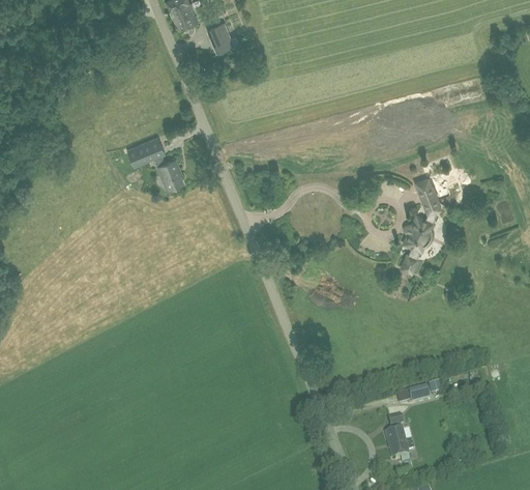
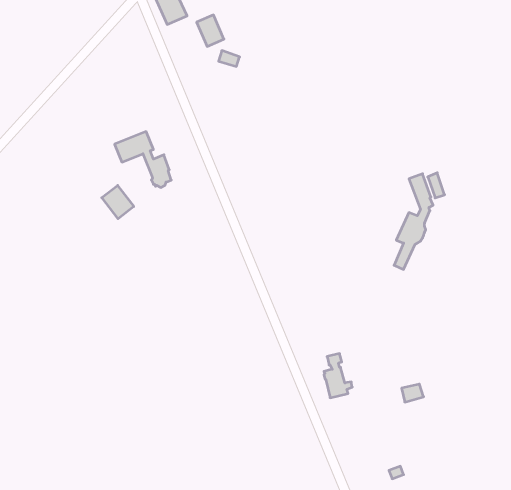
building: none -> [102,185,134,219]
building: [385,414,413,458] -> [324,354,352,398]

